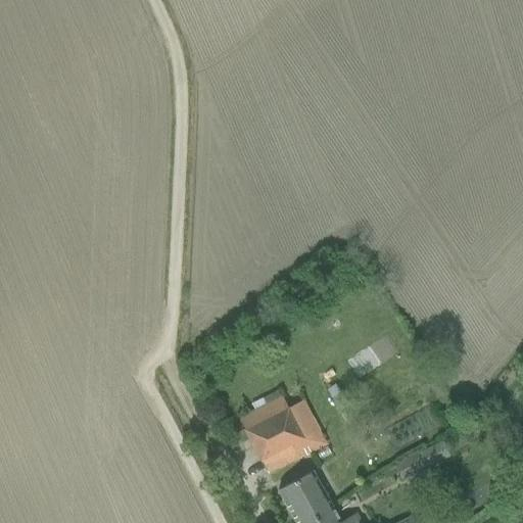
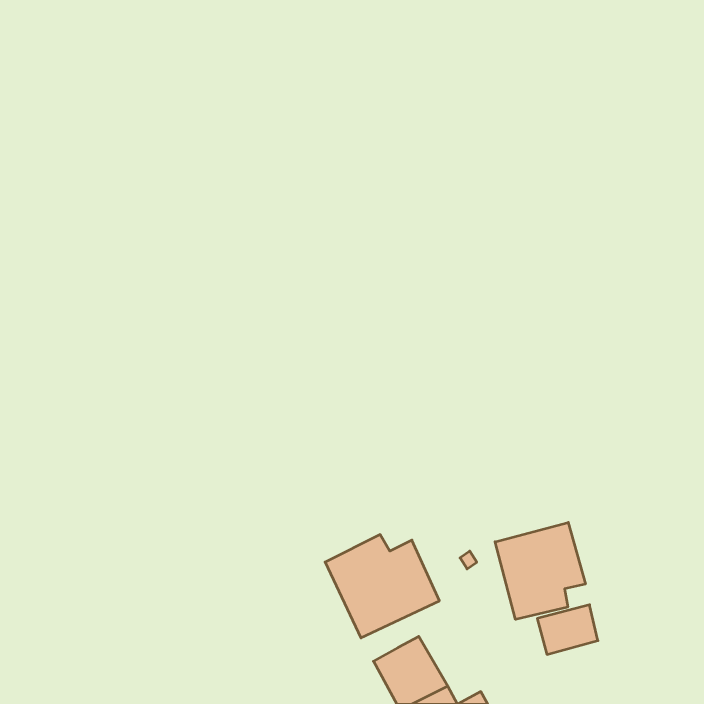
building: none -> [495,522,585,619]

